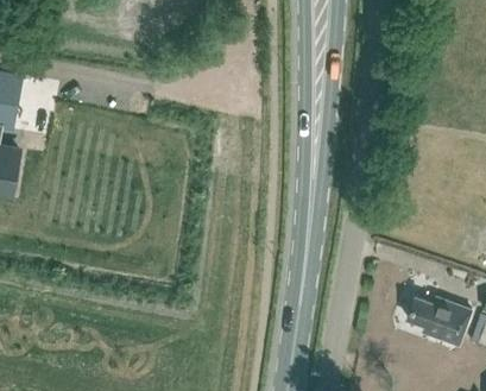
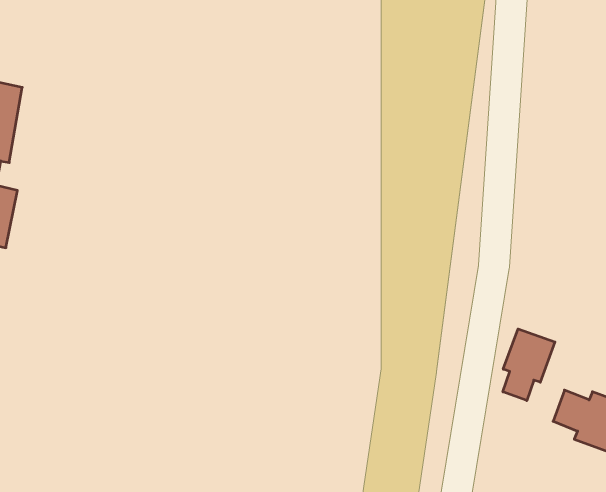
building: none -> [503,329,555,401]

